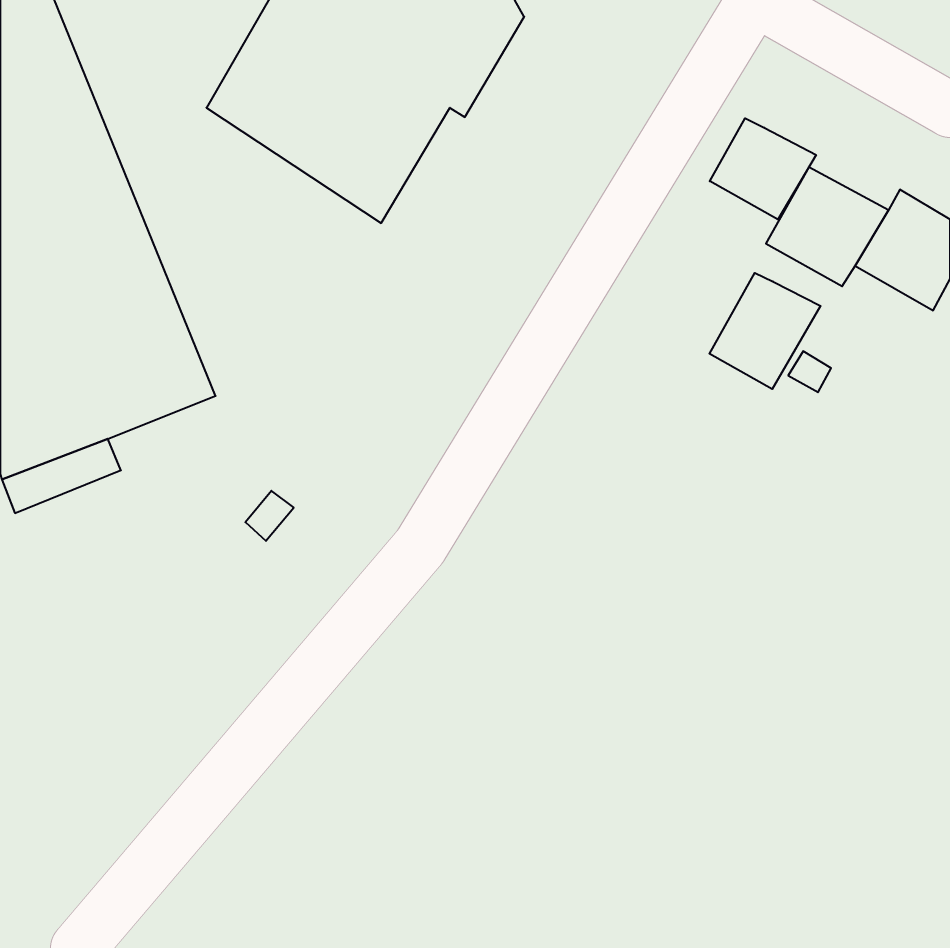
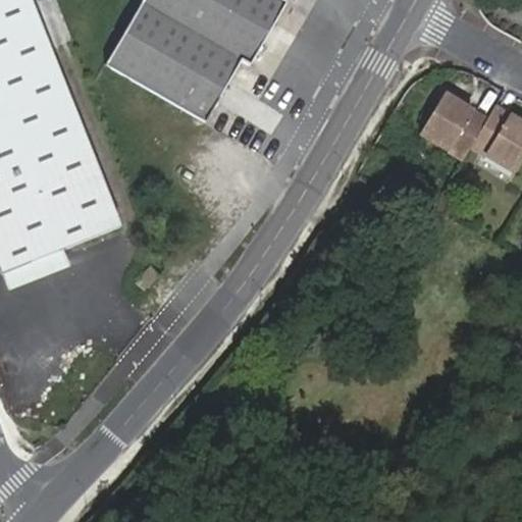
building: [710,118,816,220] -> none
building: [709,273,821,389] -> none

